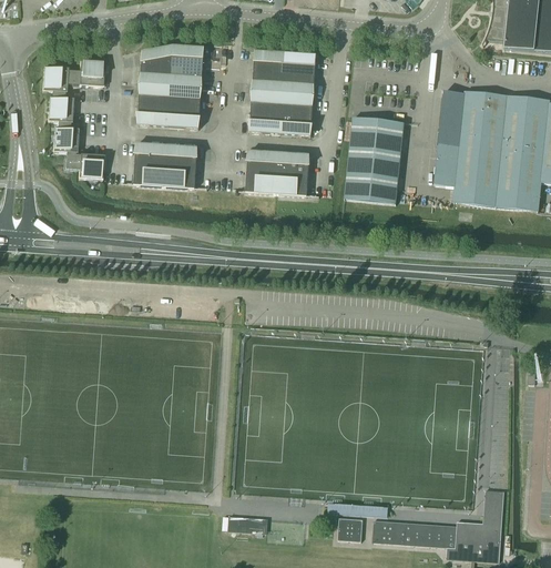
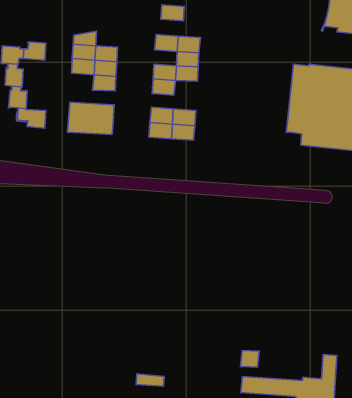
building: [172,45,204,68] -> none
building: [252,71,284,93] -> [161,5,184,21]
building: [137,103,170,126] -> none
building: [279,113,312,135] -> none
building: [344,116,404,203] -> none
building: [337,517,363,540] -> [240,350,259,367]

